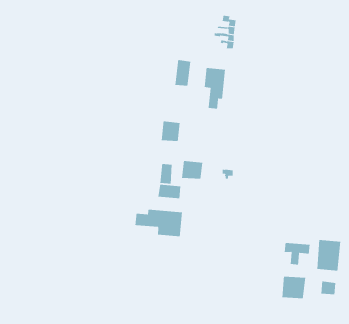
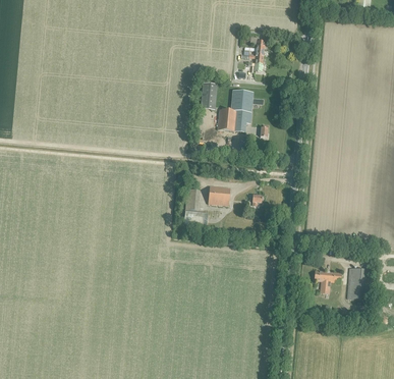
building: [161,121,181,141] -> [217,109,237,130]
building: [135,209,182,237] -> none
building: [282,276,306,299] -> none

